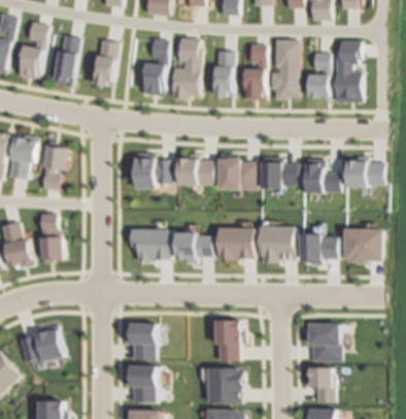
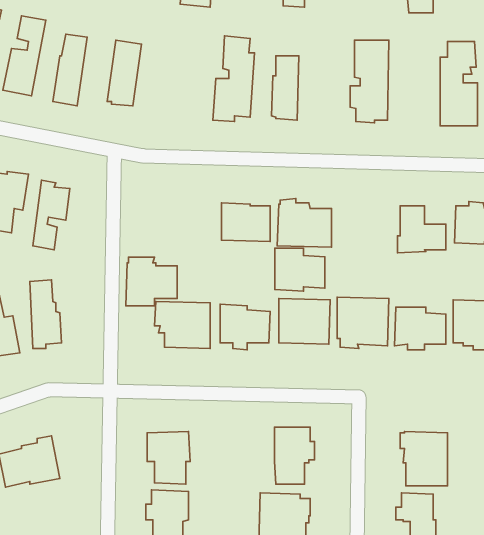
building: [143,39,168,96] -> none
building: [243,44,265,100] -> none
building: [308,52,330,99] -> none
building: [134,153,171,188] -> [126,257,177,306]
building: [262,157,298,188] -> [275,248,325,291]

